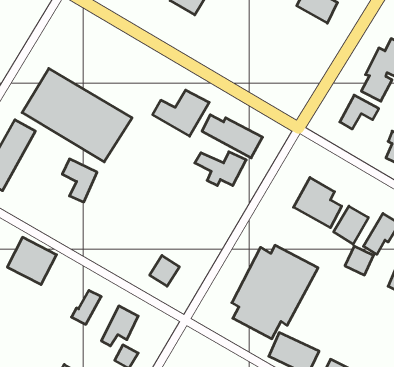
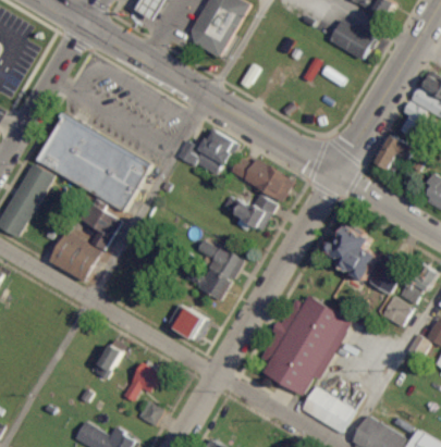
building: none -> [183,240,243,298]
building: [7,237,57,285] -> [48,231,100,281]

